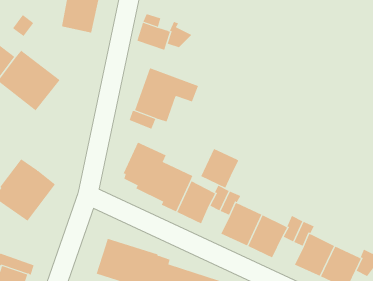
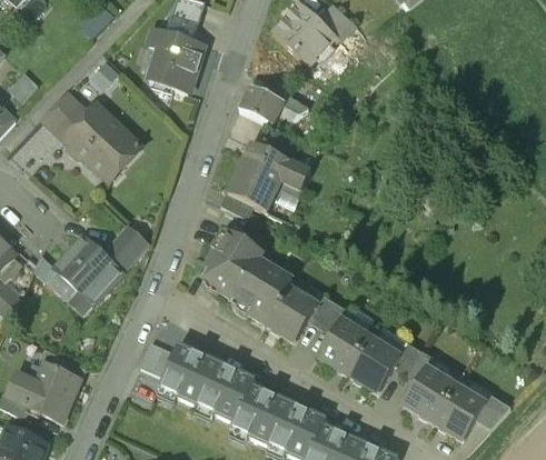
building: none -> [102,223,148,272]
building: [200,148,239,189] -> none
building: none -> [140,341,175,377]

